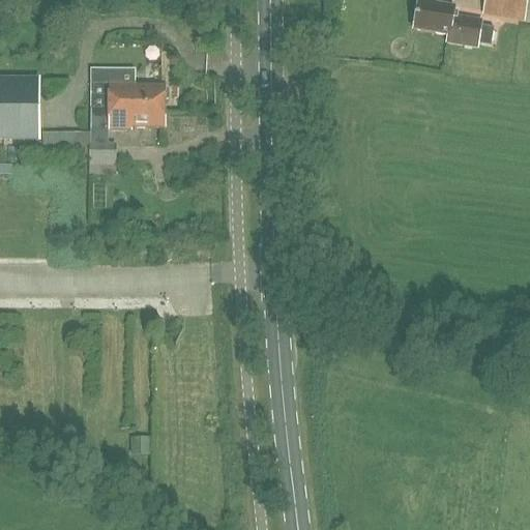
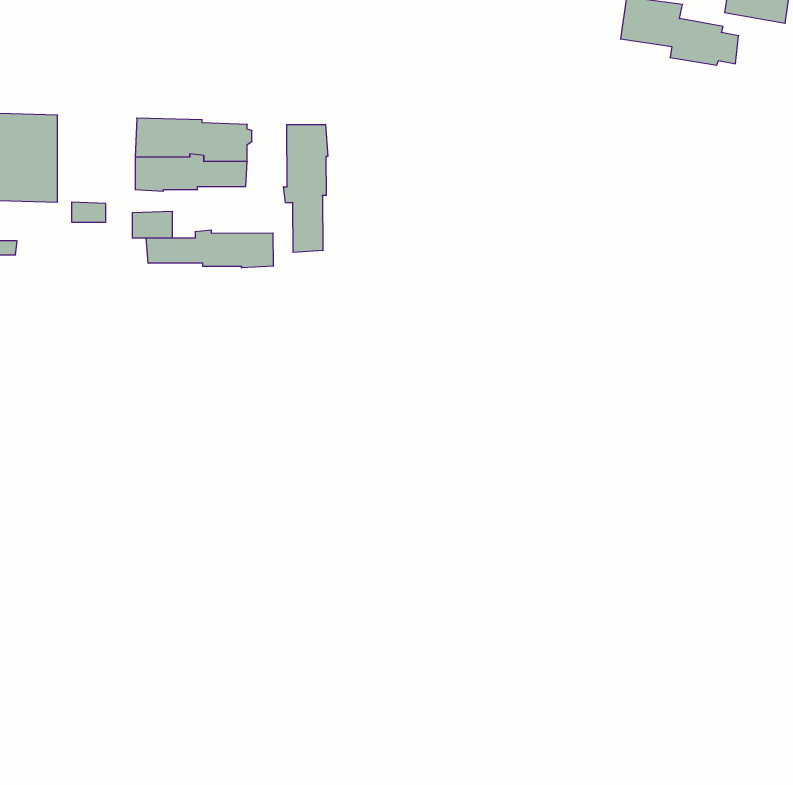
building: none -> [283,124,328,252]
building: none -> [146,230,273,268]

